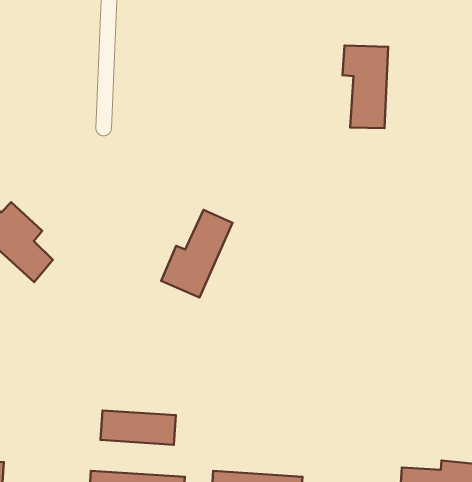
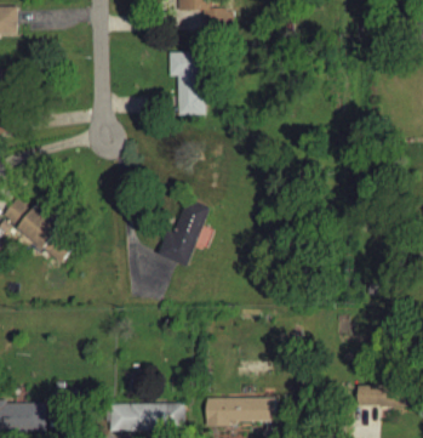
building: [342,46,388,128] -> [168,51,204,115]
building: [101,411,176,445] -> none

